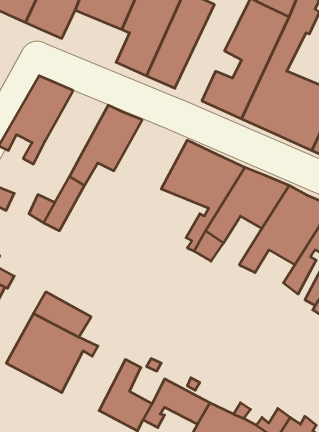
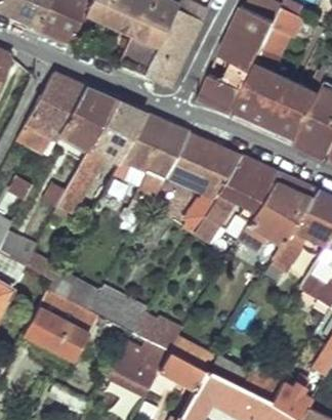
building: none -> [57,87,115,148]
building: none -> [112,114,186,202]
building: none -> [88,288,146,331]

